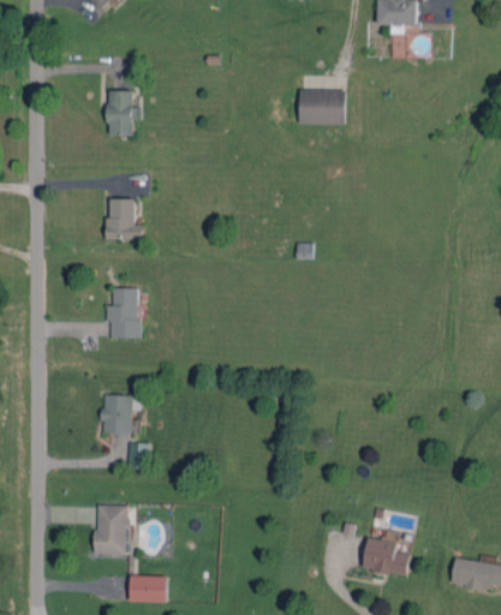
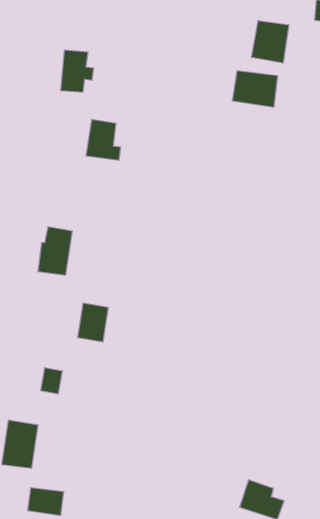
building: none -> [251,20,289,63]
building: [107,198,144,239] -> [86,119,121,160]
building: [102,394,132,434] -> [77,303,109,342]

